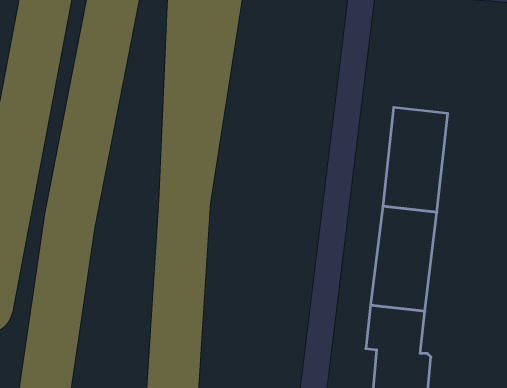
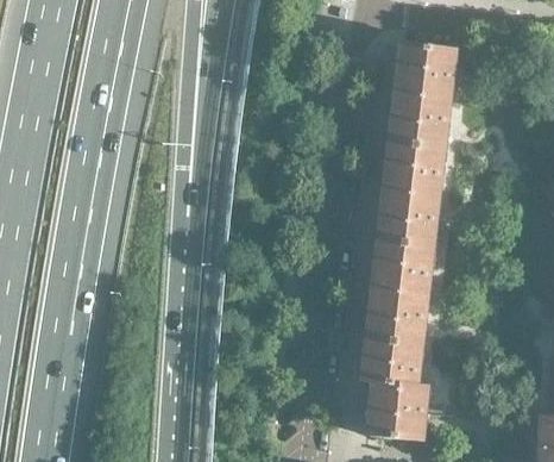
building: none -> [390,43,455,148]

